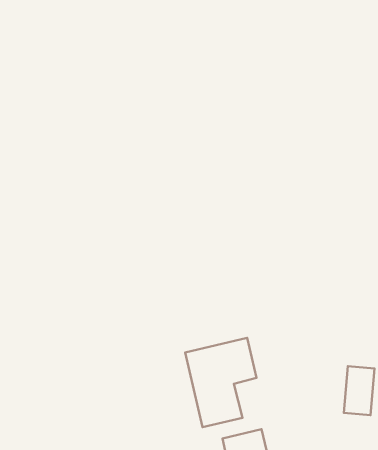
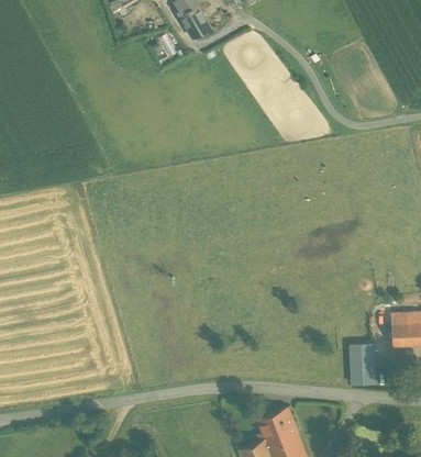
building: [185,338,257,427] -> none

